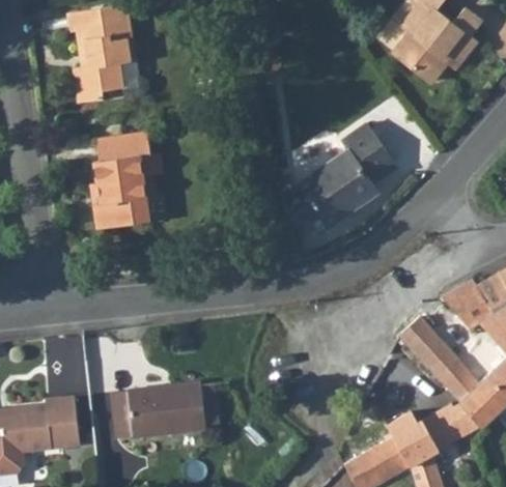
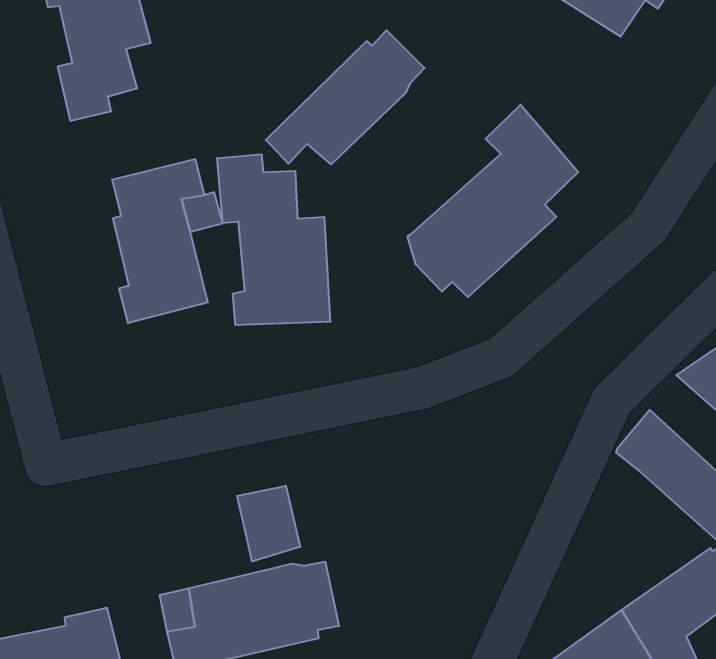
building: none -> [266,30,425,164]
building: none -> [217,154,330,325]
building: none -> [237,486,300,561]

